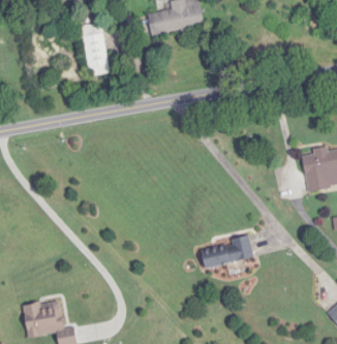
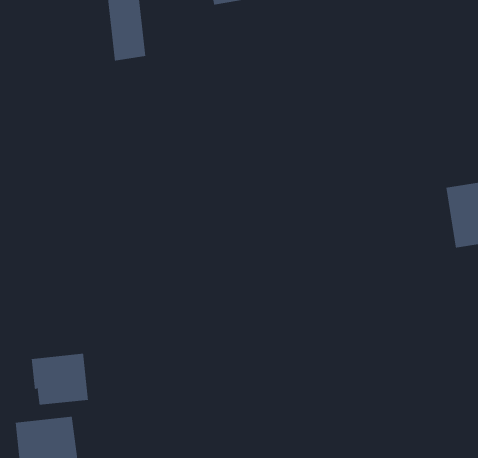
building: [200,238,252,268] -> none
building: none -> [31,353,89,405]

